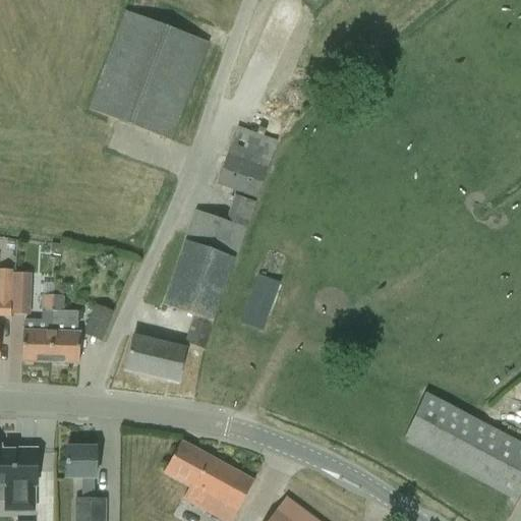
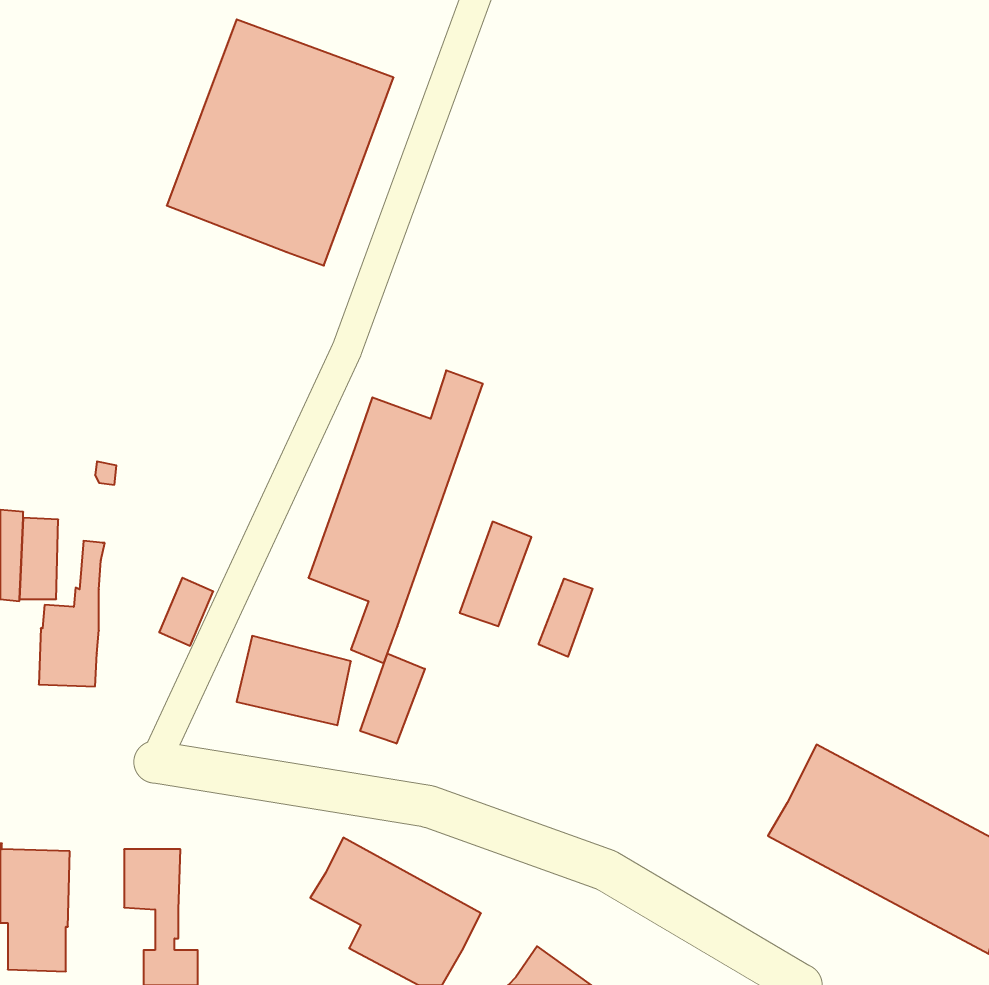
building: [217,126,277,197] -> none
building: [51,285,80,361] -> none
building: none -> [539,579,593,657]
building: none -> [360,654,425,744]

